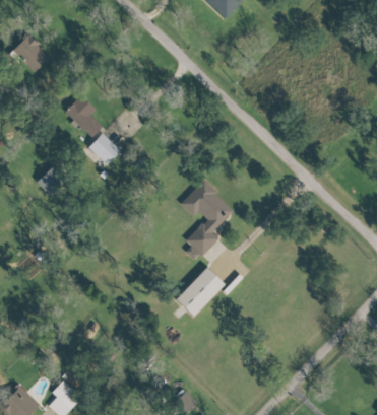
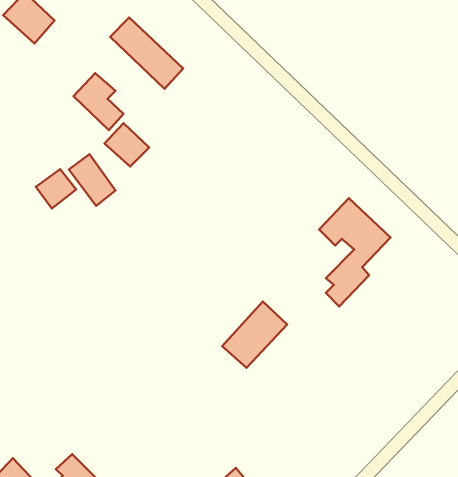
building: none -> [110,18,183,89]
building: none -> [69,154,115,206]
building: [180,180,234,261] -> [319,198,391,306]

